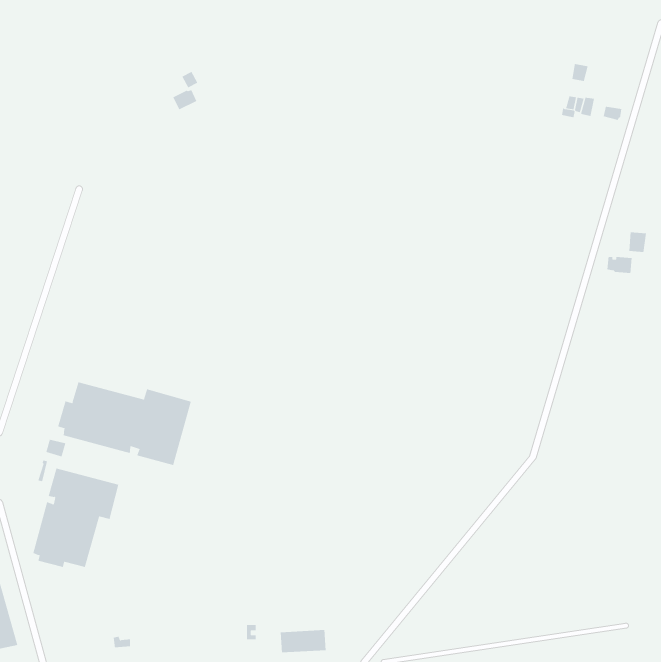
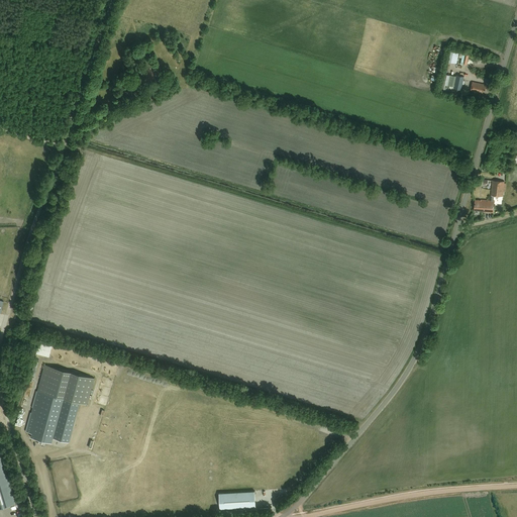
building: [57,382,192,466] -> none

